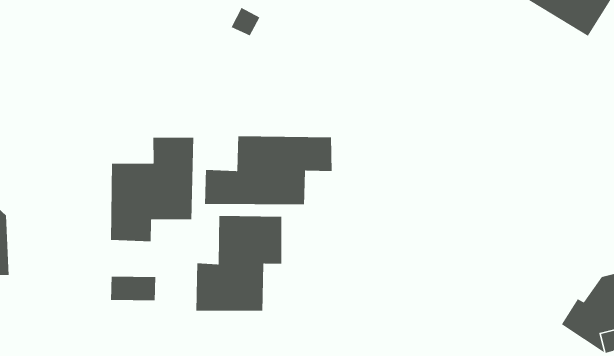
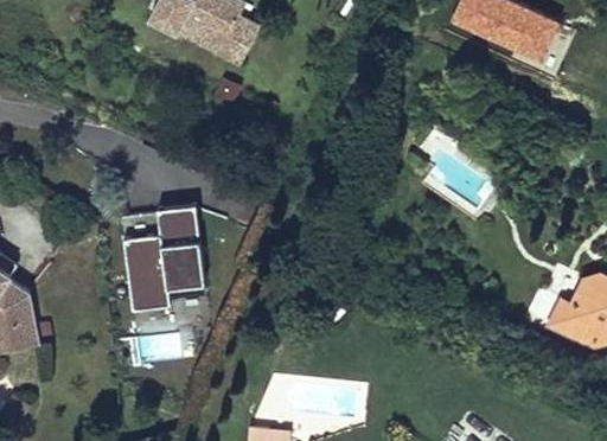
building: [204,135,333,205] -> none
building: [195,215,282,311] -> none

